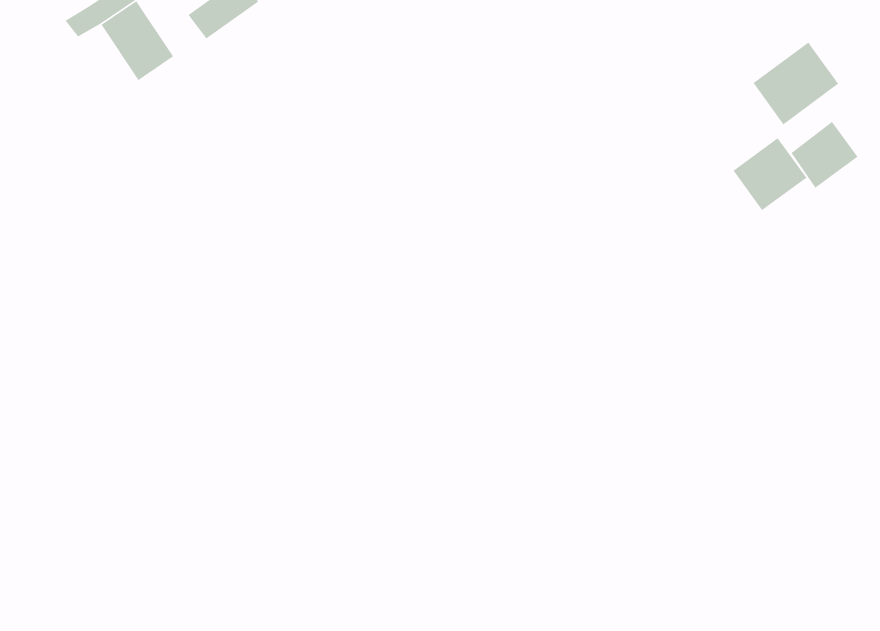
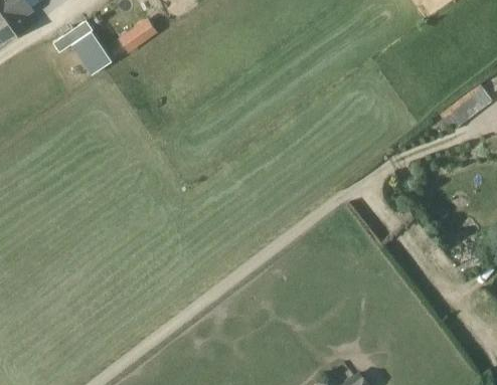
building: [752,42,839,125] -> none
building: [732,137,807,211] -> none

